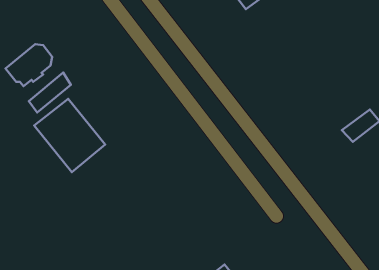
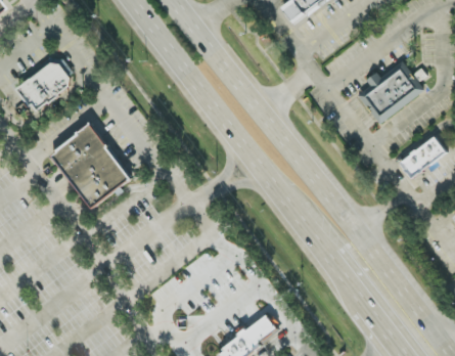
building: none -> [359,59,423,121]
building: [29,72,71,113] -> none

